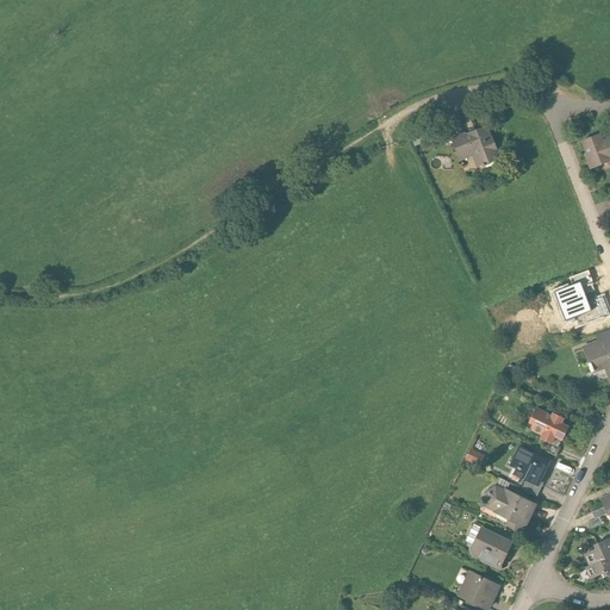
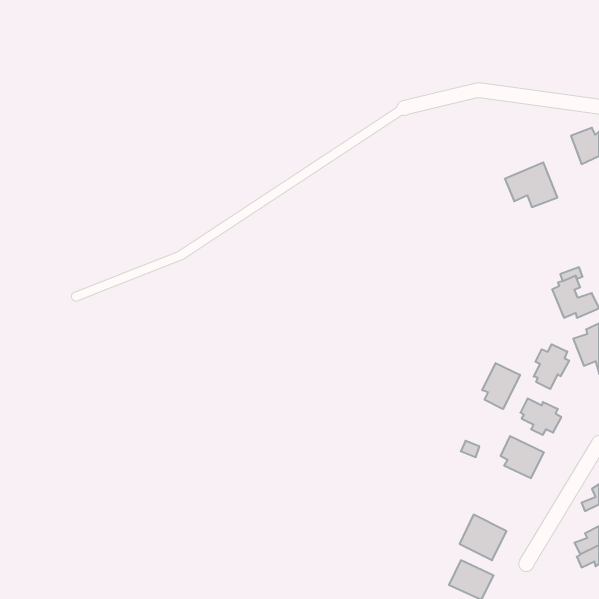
building: [449,126,503,172] -> [505,162,557,207]
building: none -> [534,344,569,389]
building: none -> [482,363,520,409]
building: [481,480,539,531] -> none

